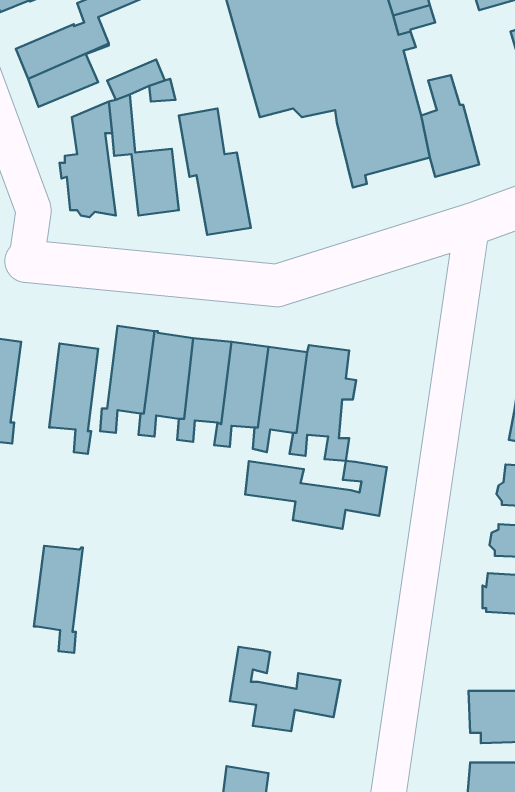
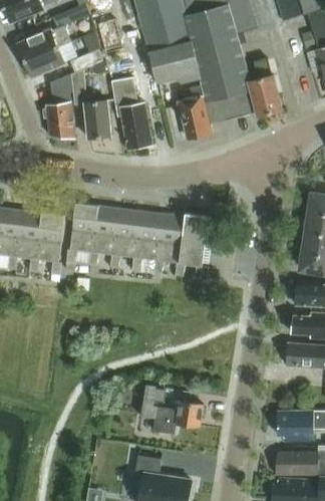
building: none -> [176,85,210,138]
building: [245,461,387,529] -> none
building: [34,546,83,653] -> [14,211,42,272]

